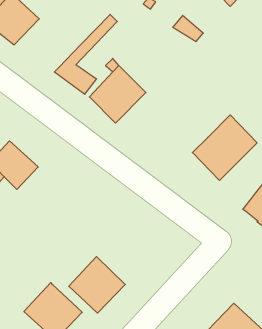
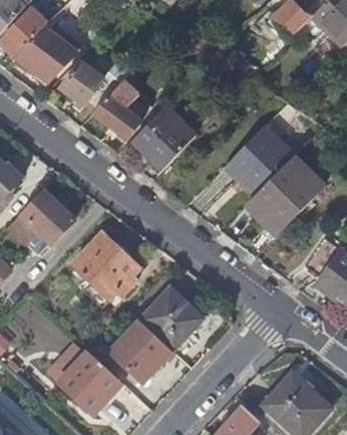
building: none -> [60,62,121,108]
building: none -> [227,127,295,187]
building: none -> [72,232,140,299]
building: none -> [139,287,203,352]

